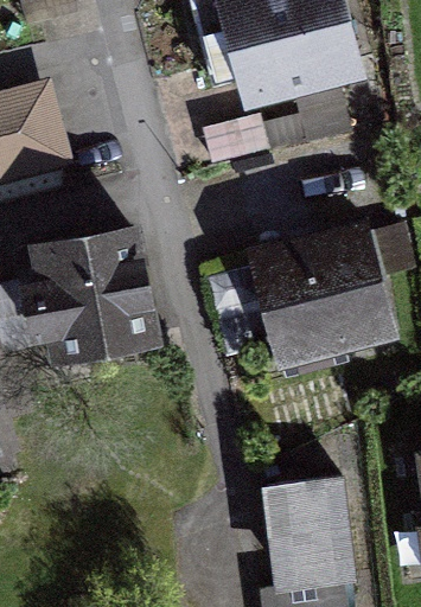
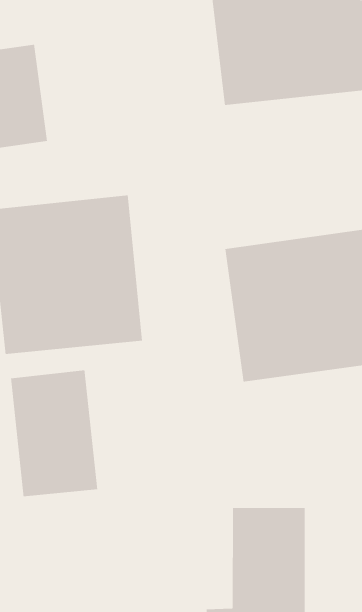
building: none -> [11,369,98,497]

